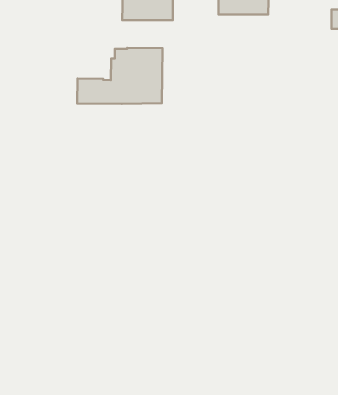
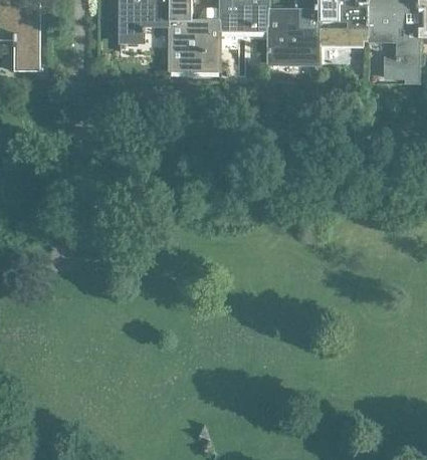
building: [77,48,163,104] -> none

